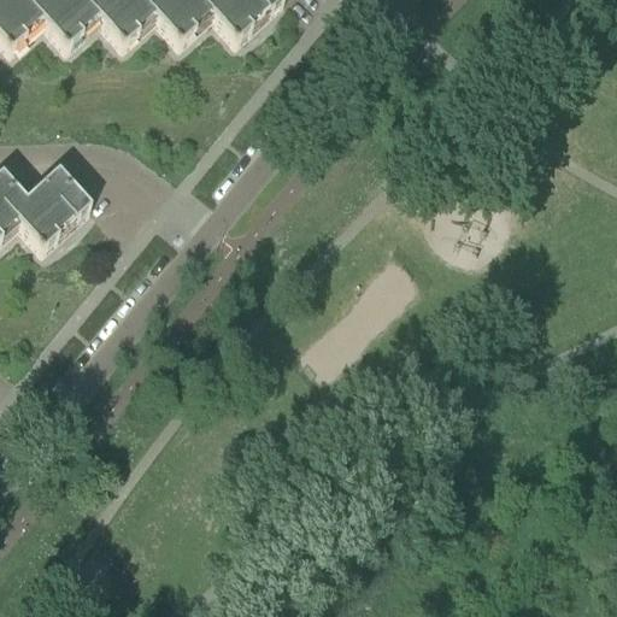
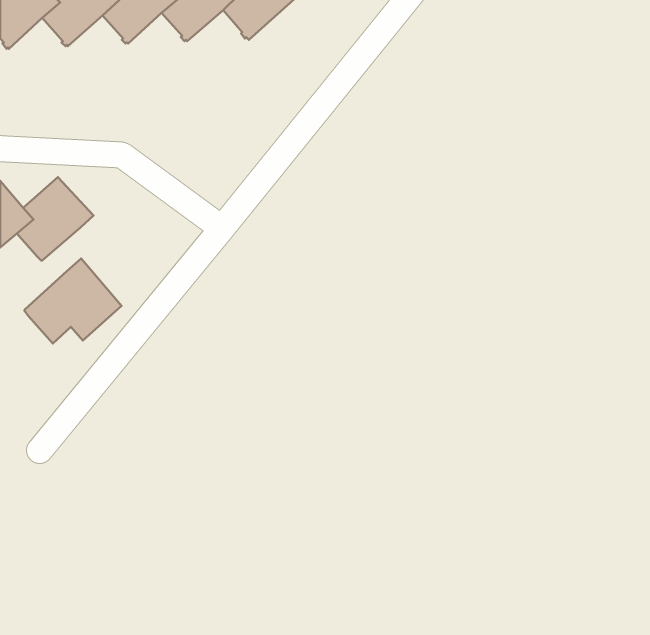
building: none -> [25,258,122,343]

